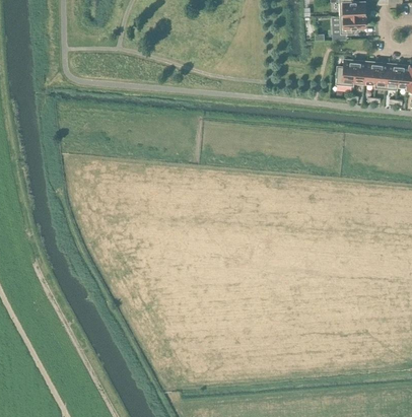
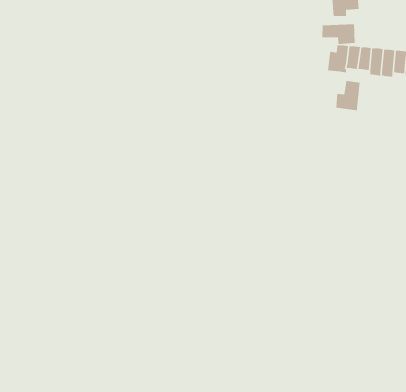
building: none -> [322,23,355,45]
building: none -> [336,80,360,111]

